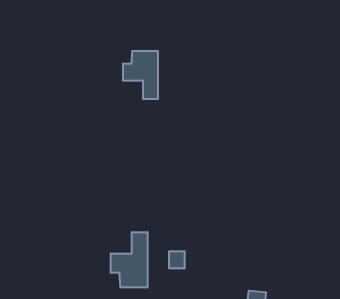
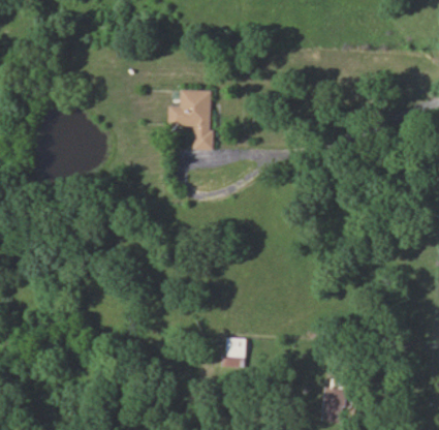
building: [111,232,148,288] -> none

